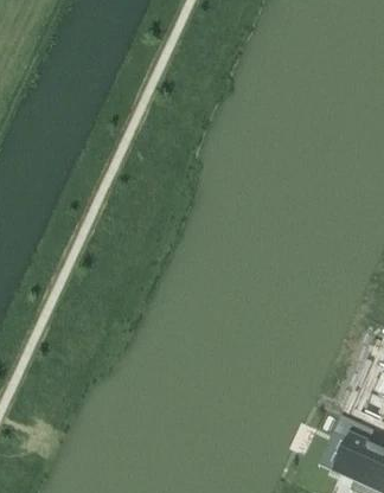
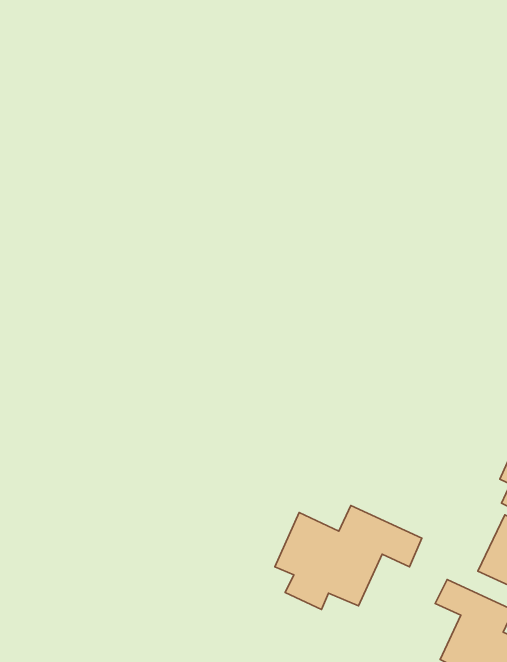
building: none -> [275,505,422,609]

